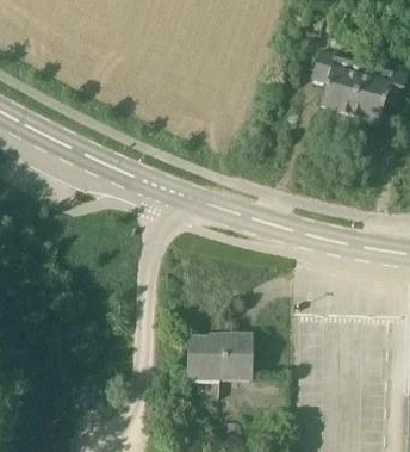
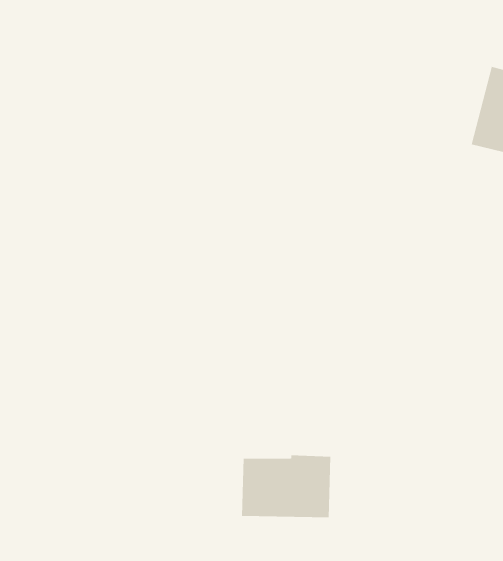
building: [312,48,362,118] -> none

